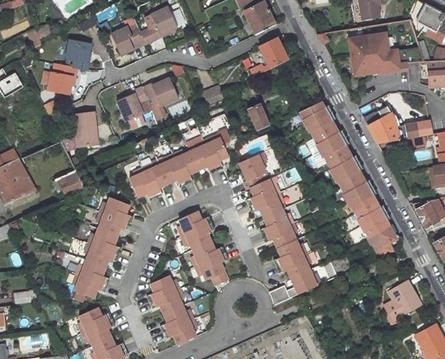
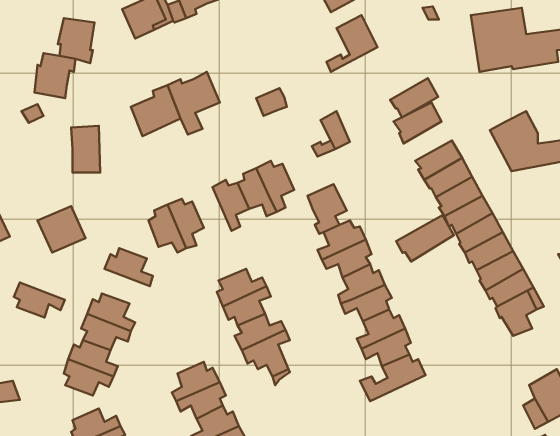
building: [304,110,337,137] -> [390,78,438,117]
building: [159,155,186,188] -> none
building: none -> [396,215,454,261]
building: [95,211,130,235] -> [14,282,65,317]

